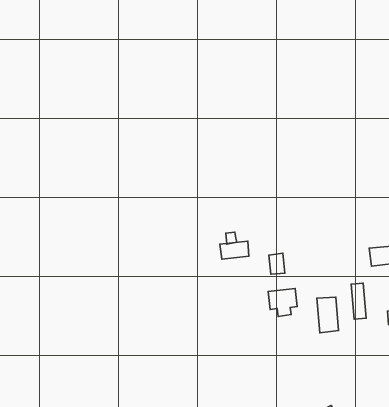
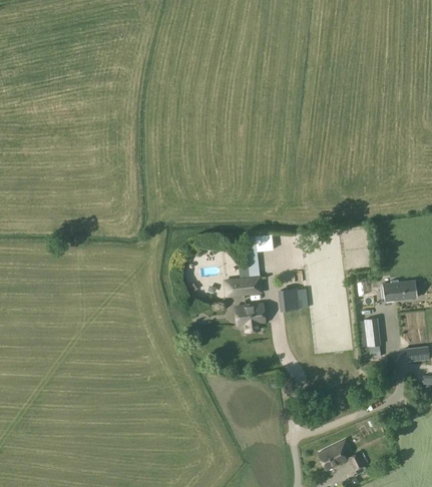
building: [268,288,297,317] -> [237,304,266,332]
building: [317,297,339,333] -> none

